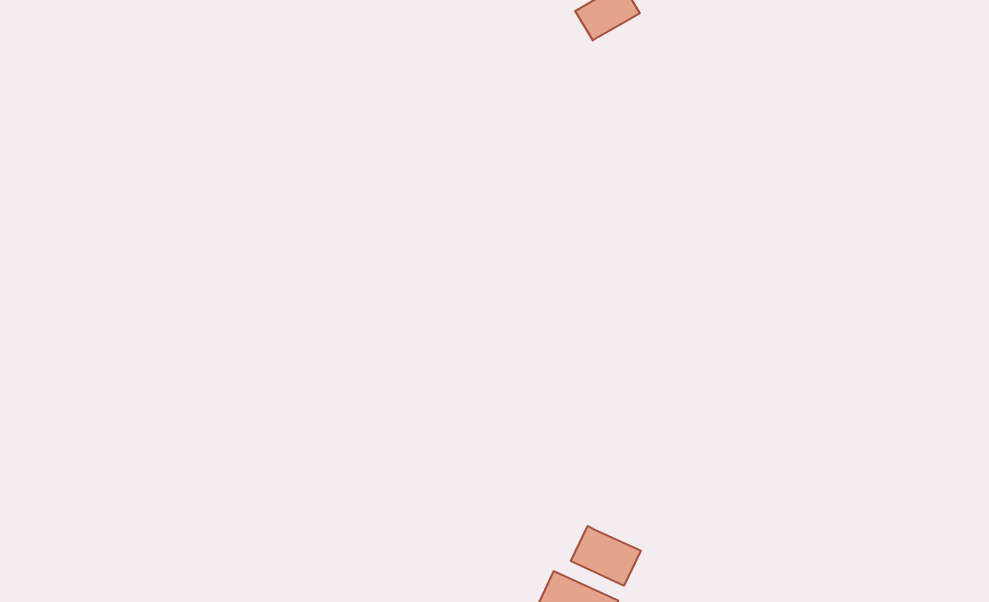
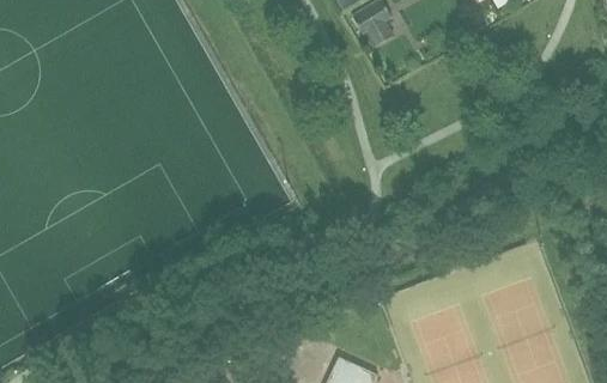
building: [571,526,641,586] -> none

